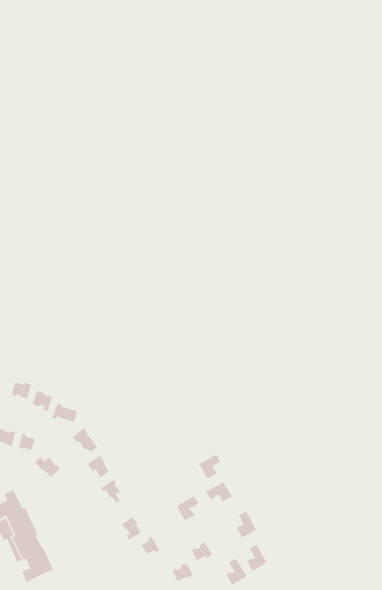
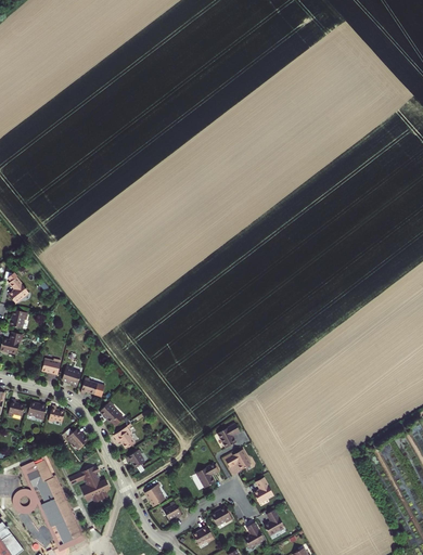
building: none -> [67,466,110,503]

